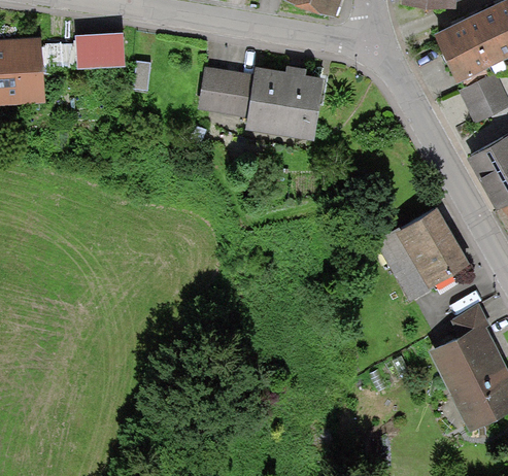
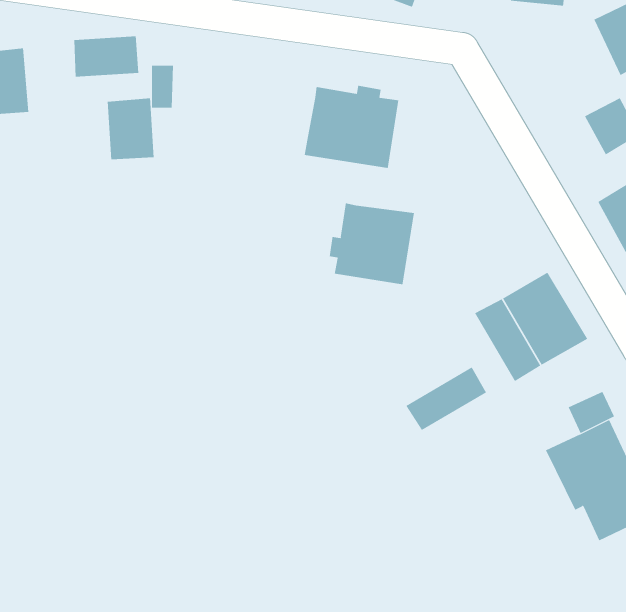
building: [440,19,493,76] -> none
building: [202,70,258,111] -> none
building: none -> [107,98,154,160]
building: none -> [329,203,414,285]
building: none -> [406,367,487,431]

